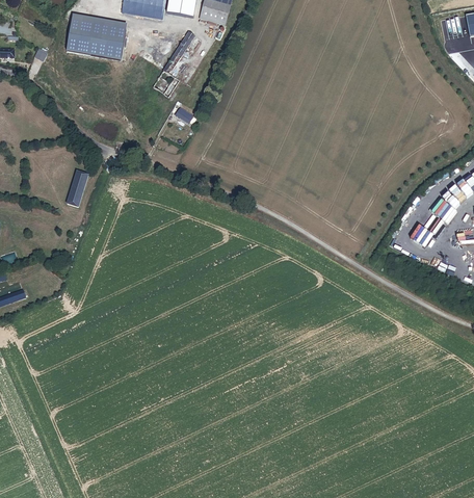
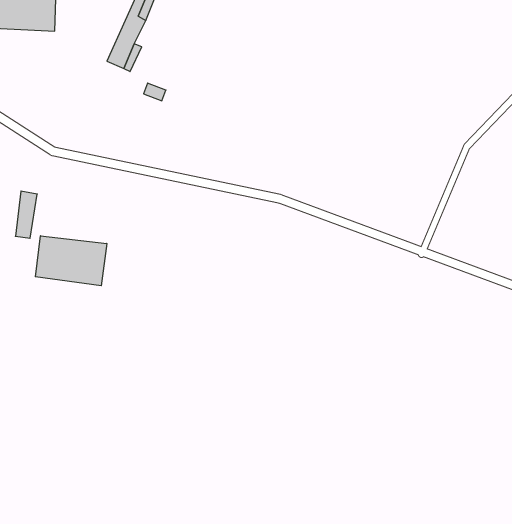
building: none -> [35,236,107,286]

